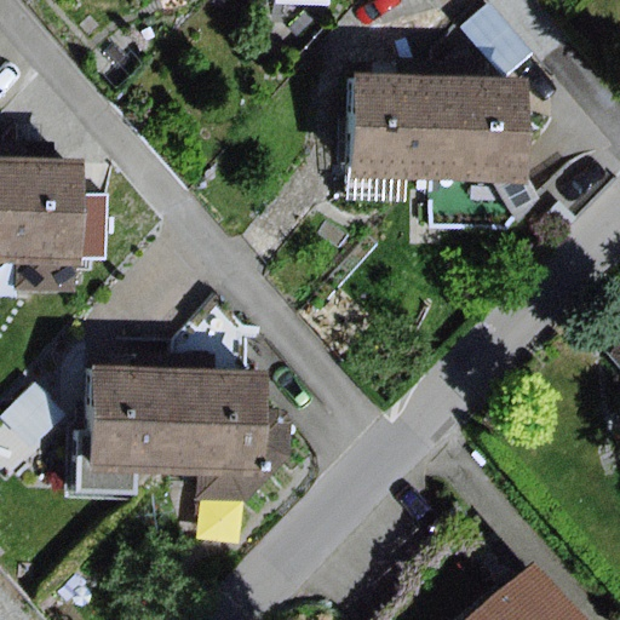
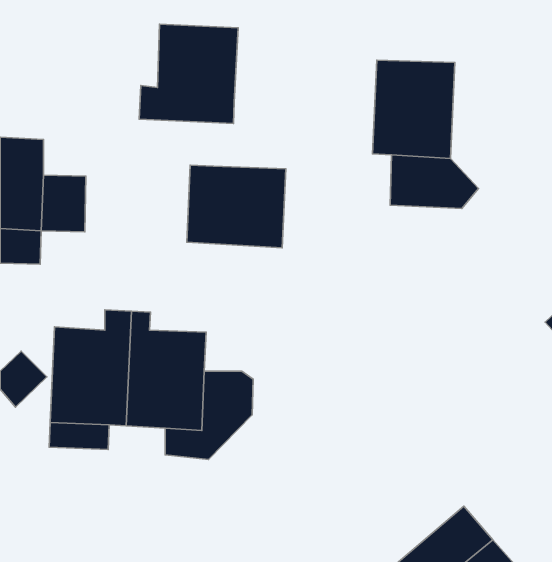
building: none -> [139,24,238,123]
building: [335,69,429,176] -> none
building: none -> [187,165,286,248]

